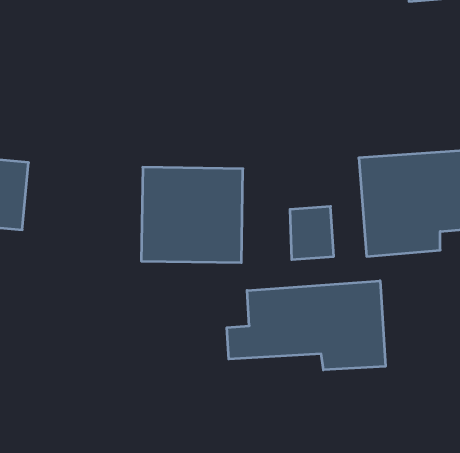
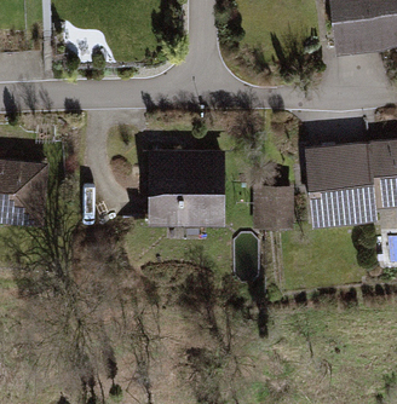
building: [227,281,385,370] -> none

